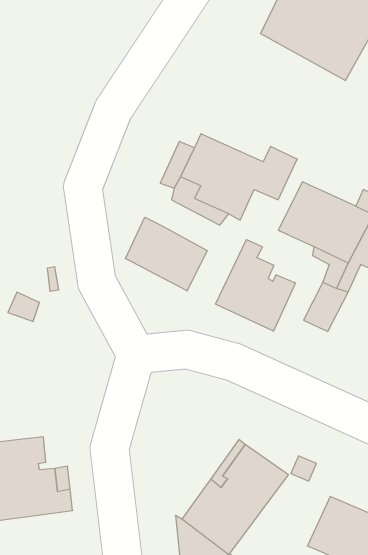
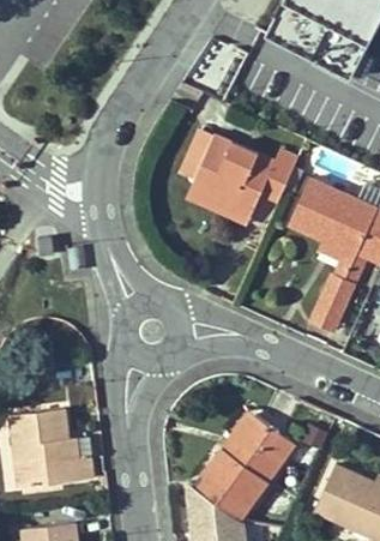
building: [125,217,207,291] -> none
building: [216,240,295,331] -> none

